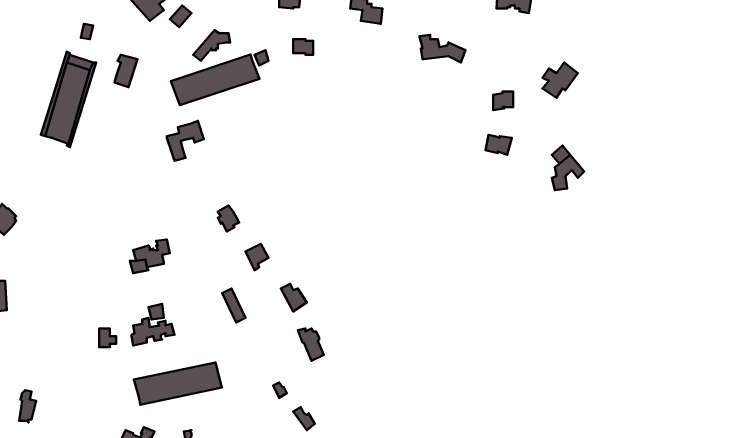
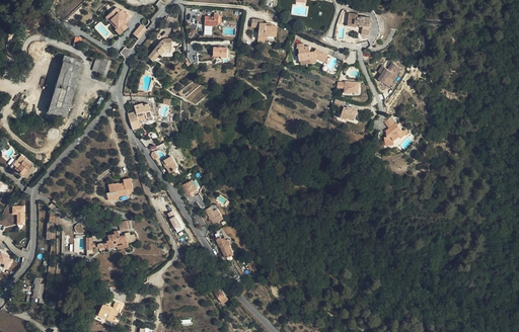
building: [171,55,260,105] -> none
building: [134,362,222,405] -> none

